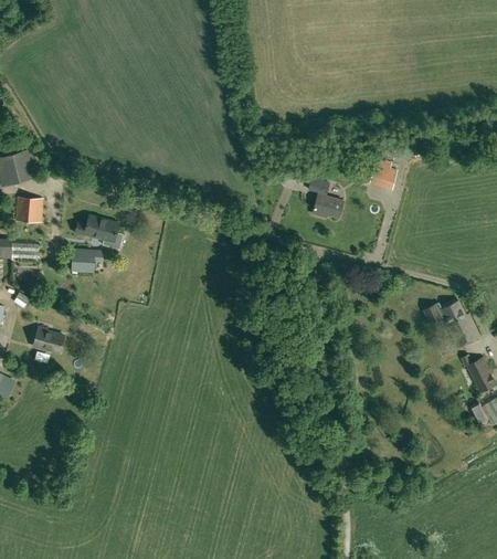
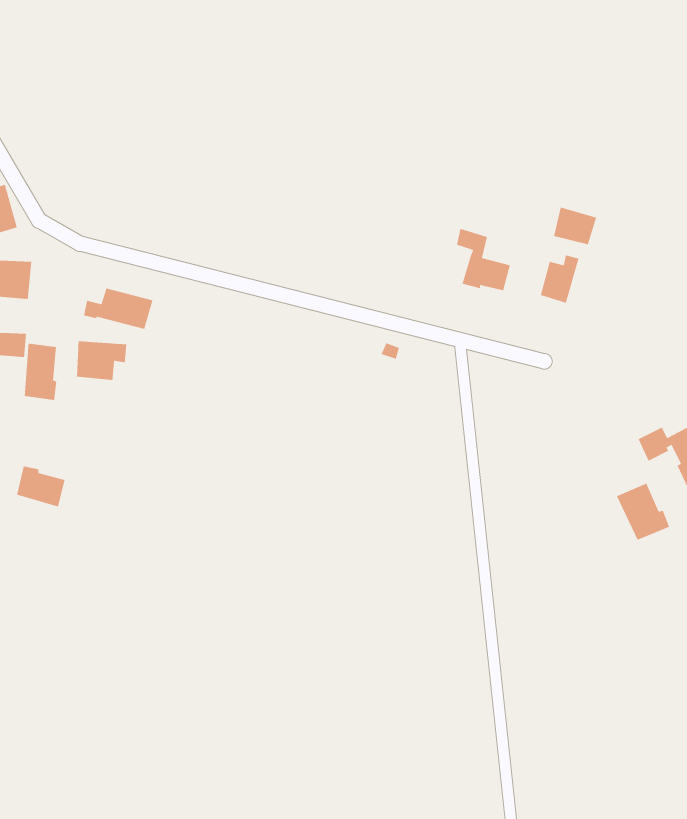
building: none -> [540,255,579,304]
building: none -> [24,343,57,401]
building: none -> [616,483,670,541]

